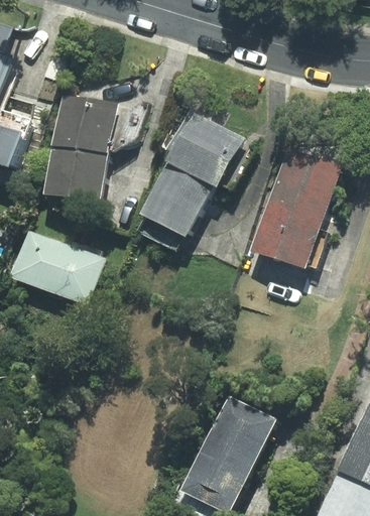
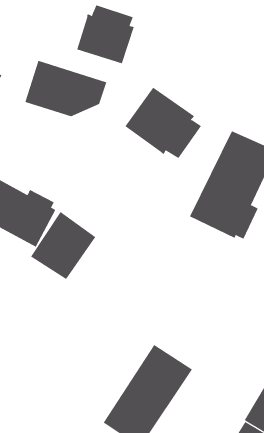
building: none -> [77,5,135,64]
building: [44,145,107,201] -> none
building: [140,158,211,234] -> [30,211,96,280]

